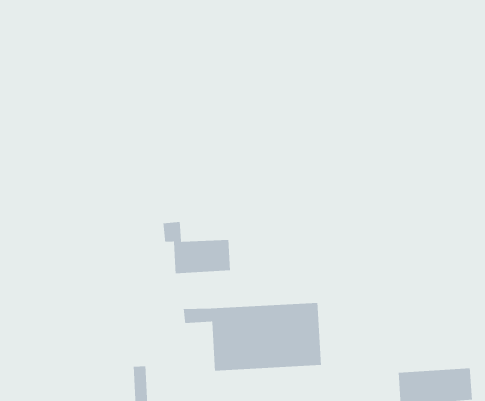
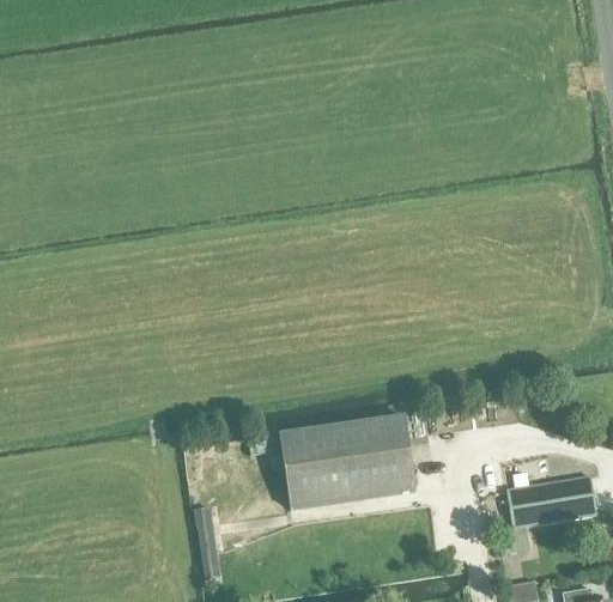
building: [163,221,231,274] -> none

